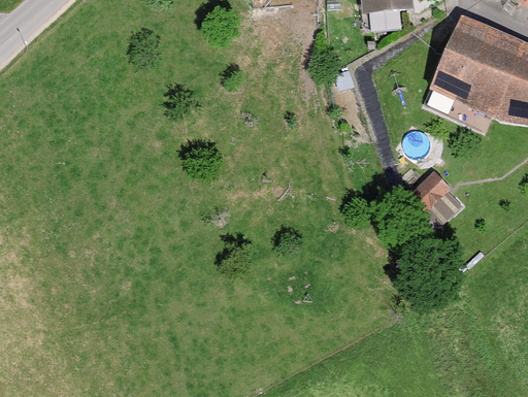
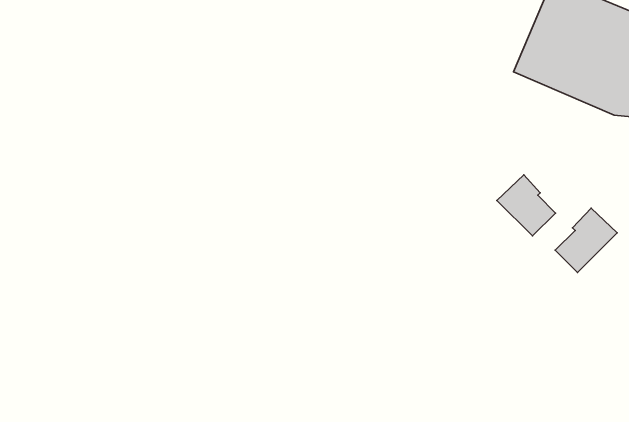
building: none -> [555,208,617,273]

